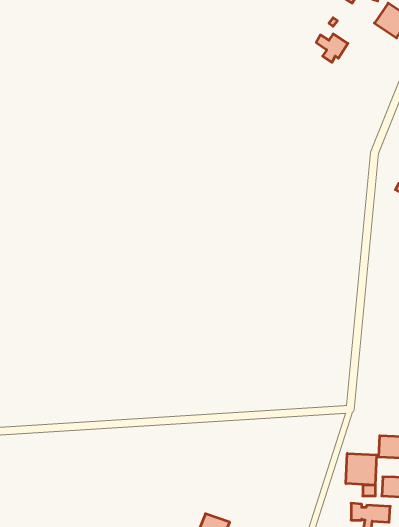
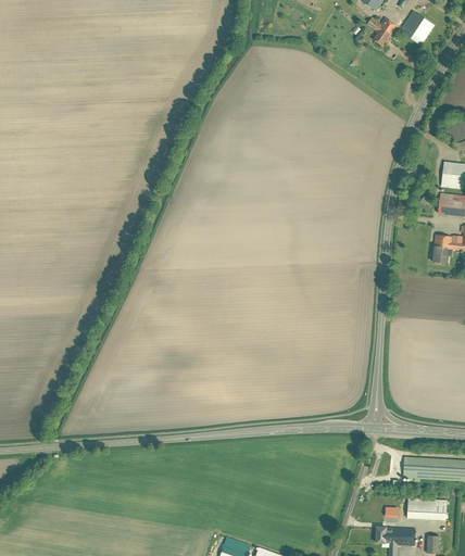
building: [316,34,348,62] -> [366,16,399,46]
building: [346,453,376,485] -> none

